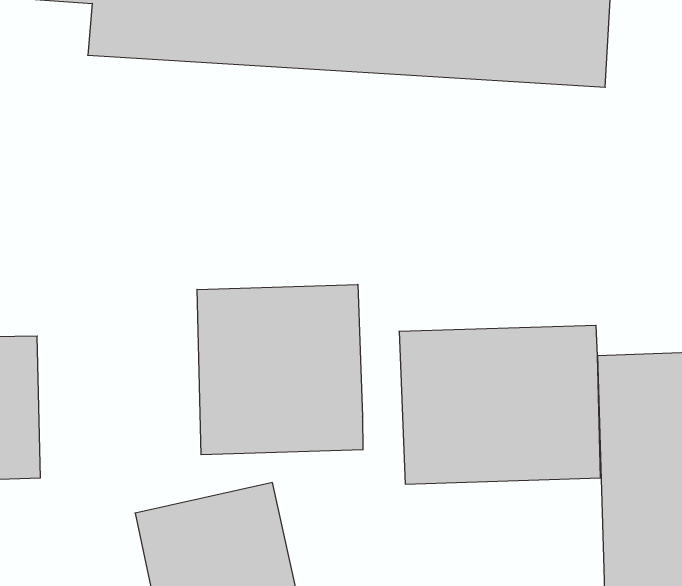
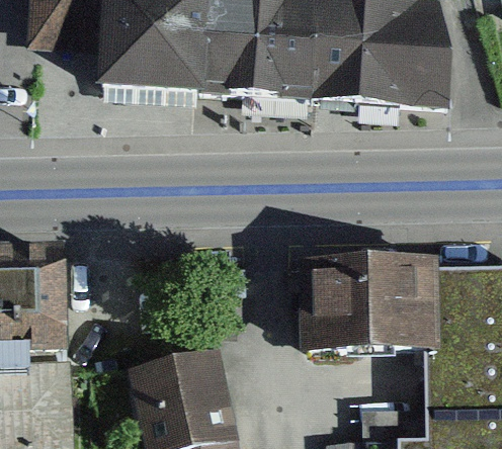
building: [197,284,363,455] -> none

